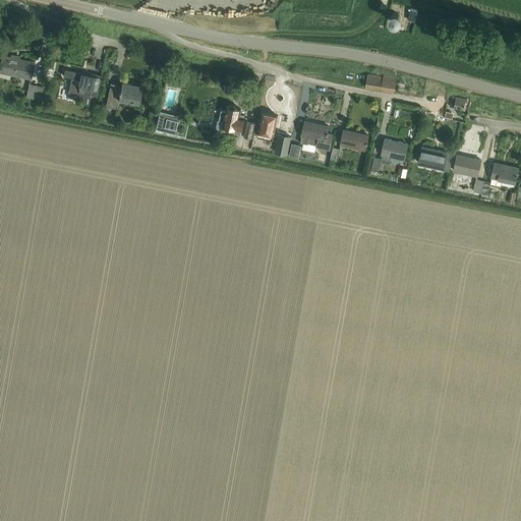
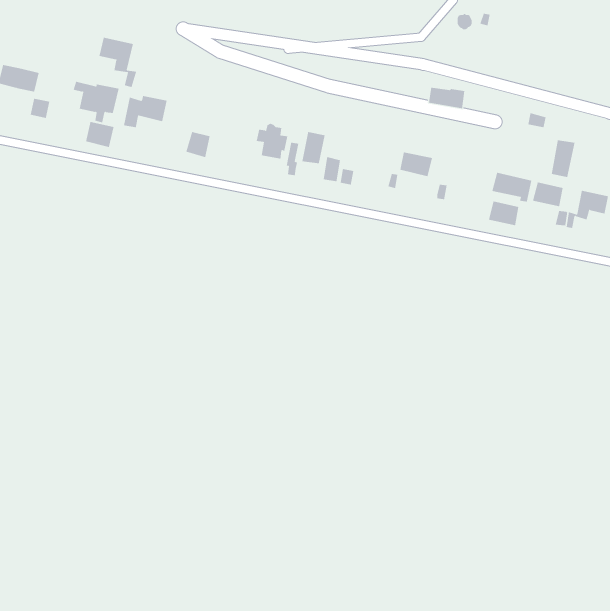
building: none -> [99,37,137,88]
building: none -> [85,121,114,148]
building: none -> [551,139,575,178]
building: [300,121,334,151] -> none
building: [381,138,407,160] -> [488,201,519,226]

